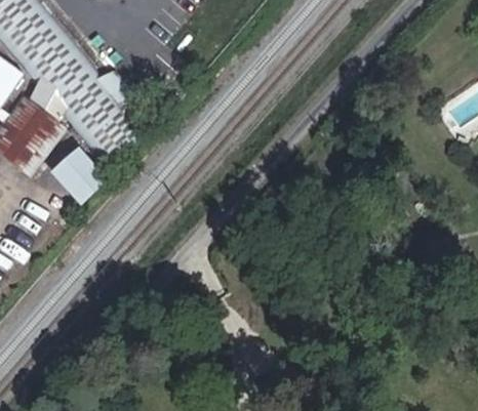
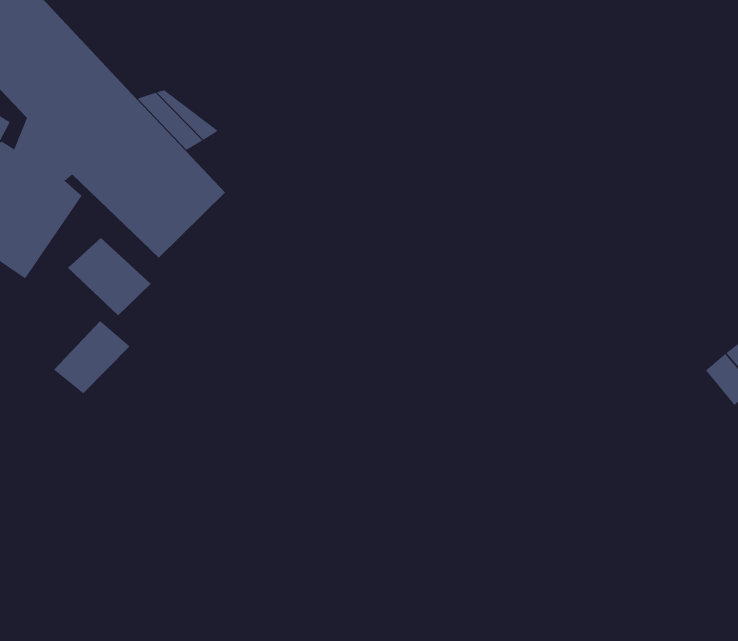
building: none -> [53,320,130,394]

